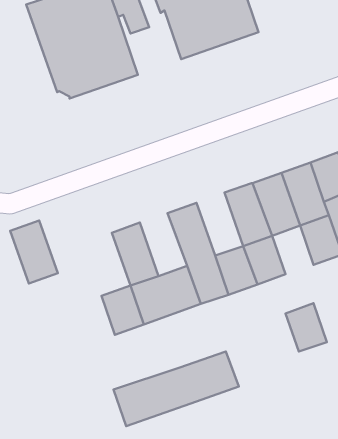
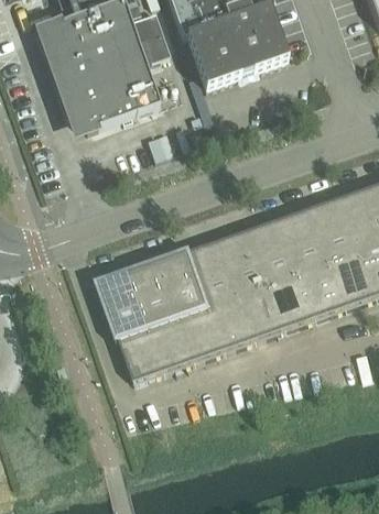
building: none -> [221,227,271,294]
building: none -> [161,249,212,316]
building: [10,220,58,283] -> [100,270,151,337]
building: [286,303,327,352] -> [302,262,346,314]
building: [113,351,239,426] -> none

